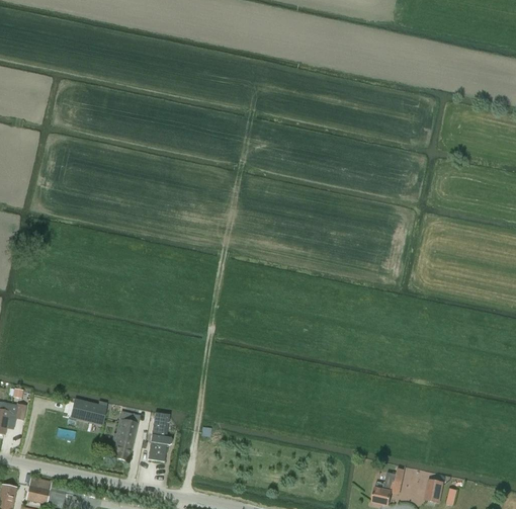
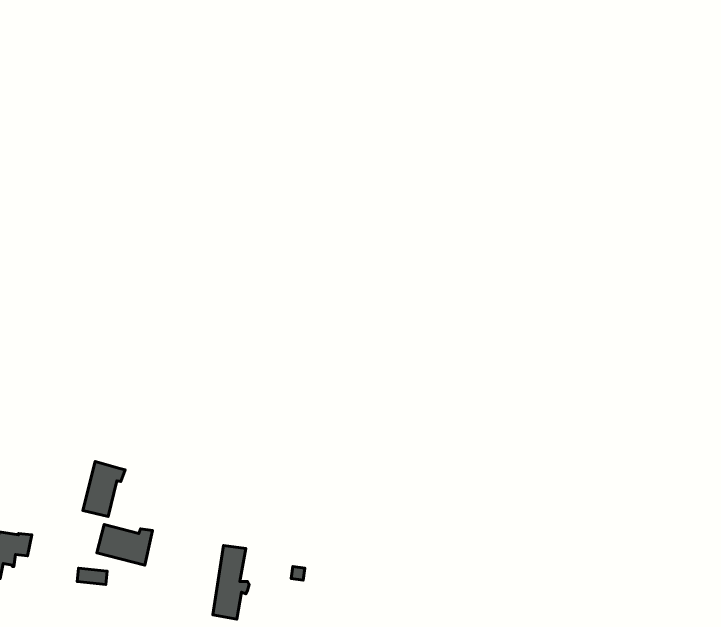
building: none -> [83,461,125,516]
building: [111,418,136,459] -> none

